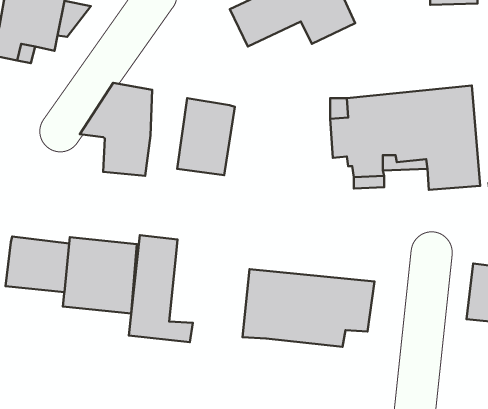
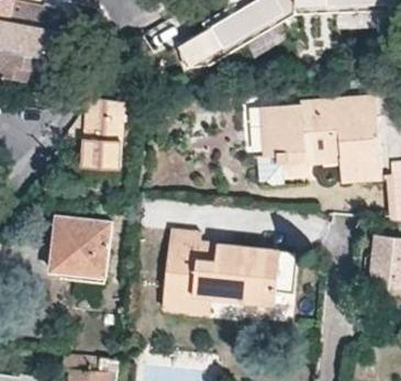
building: [177,98,235,175] -> none
building: [129,235,193,342] -> [160,228,211,313]
building: [6,236,69,292] -> none

